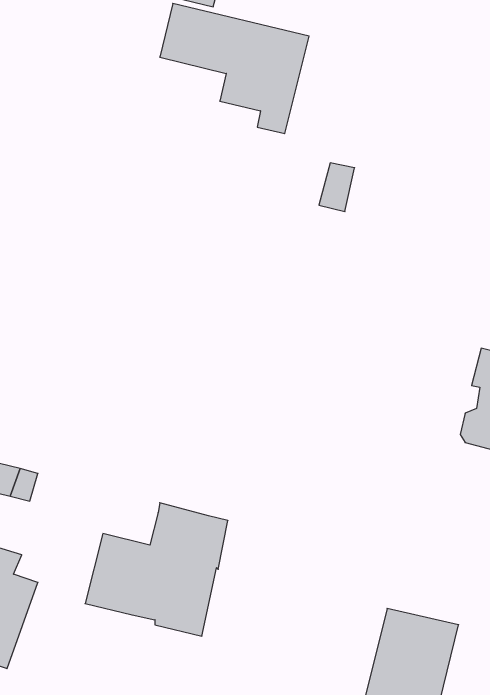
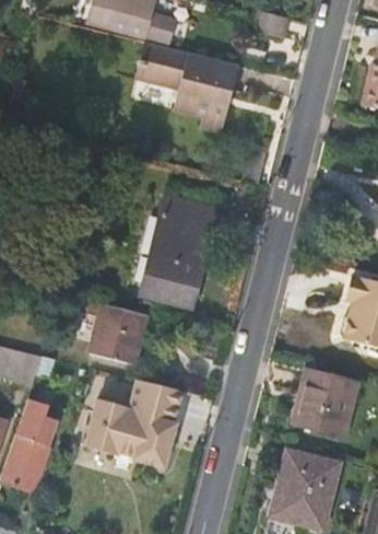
building: none -> [143,195,214,305]
building: none -> [90,304,144,363]
building: none -> [294,371,353,433]

